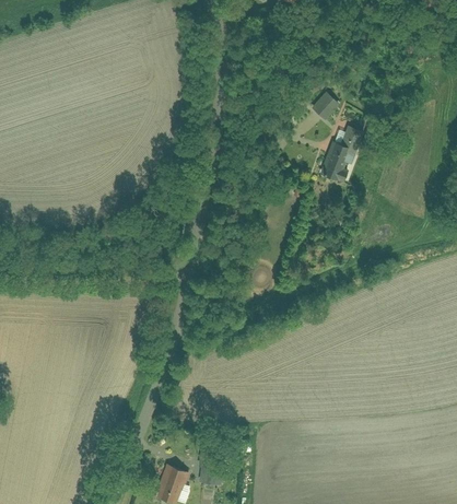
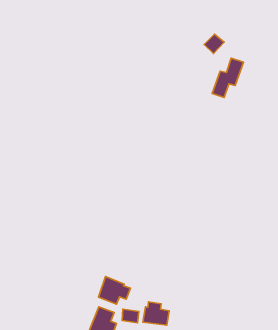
building: none -> [98,277,130,304]
building: none -> [143,302,169,325]

